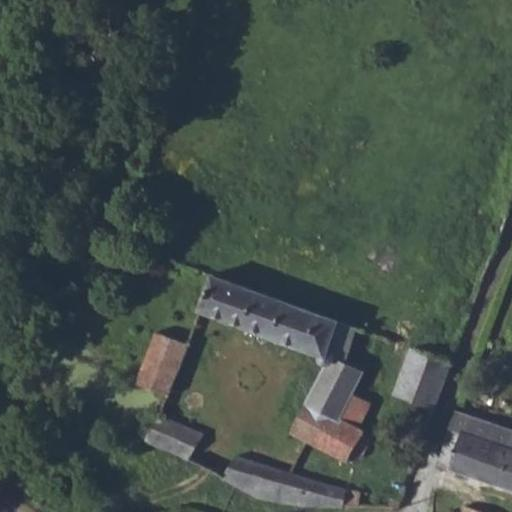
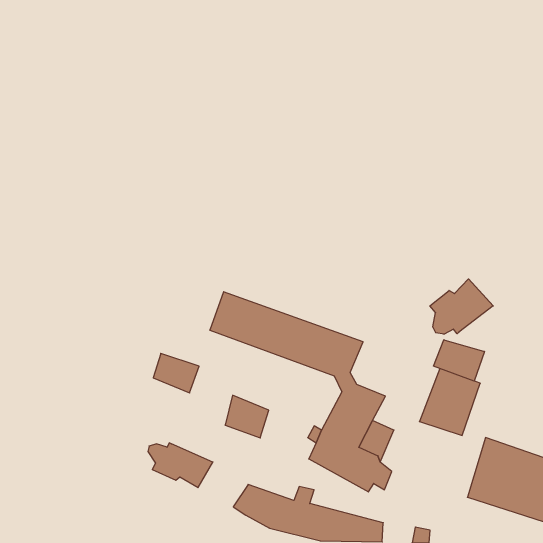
building: none -> [430,279,493,334]
building: none -> [433,340,484,381]
building: [138,356,179,396] -> [225,395,269,438]

